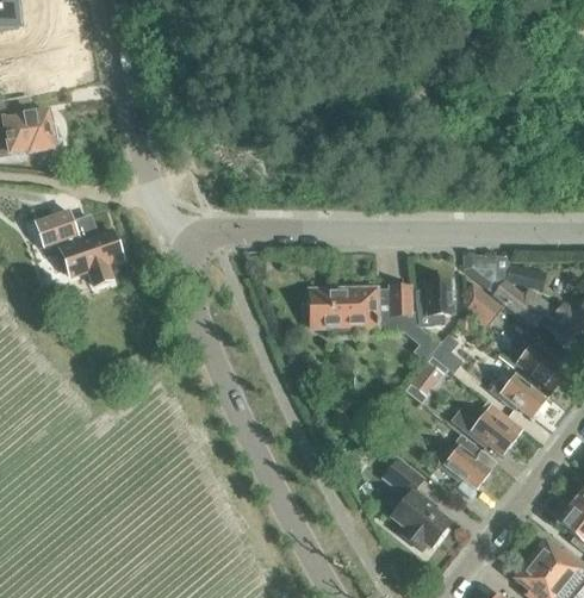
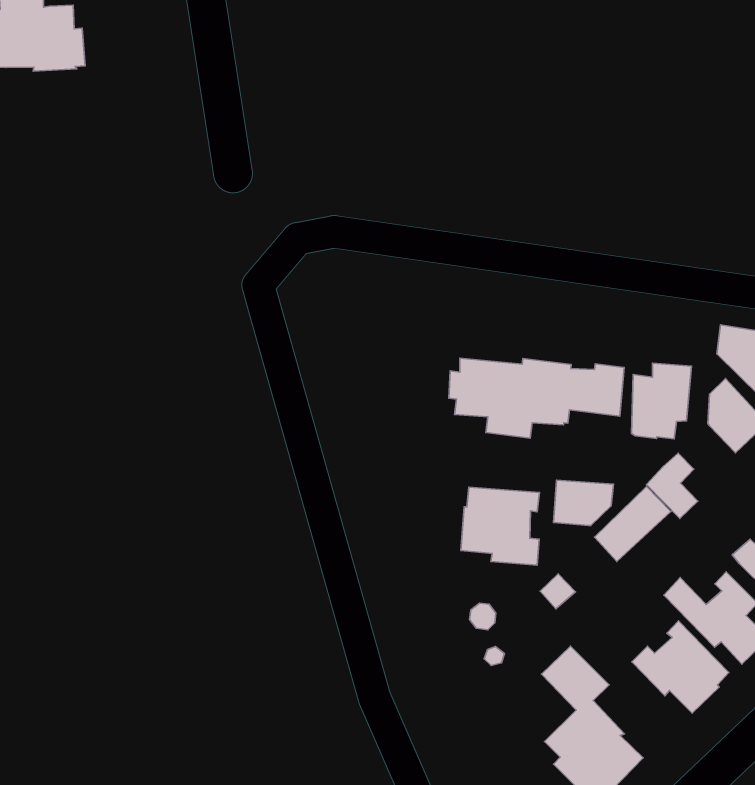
building: [36,208,124,284] -> none
building: none -> [553,480,613,526]
building: none -> [461,487,540,565]

